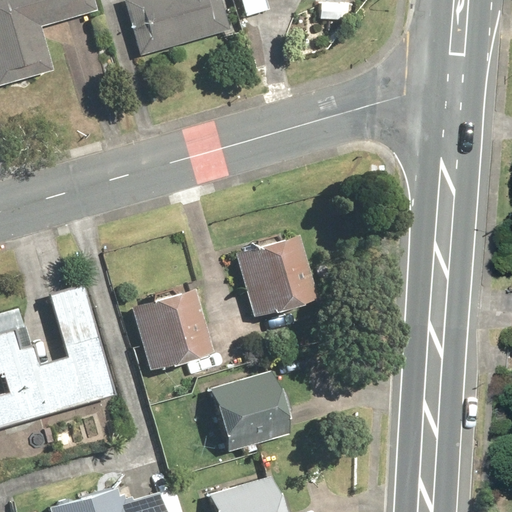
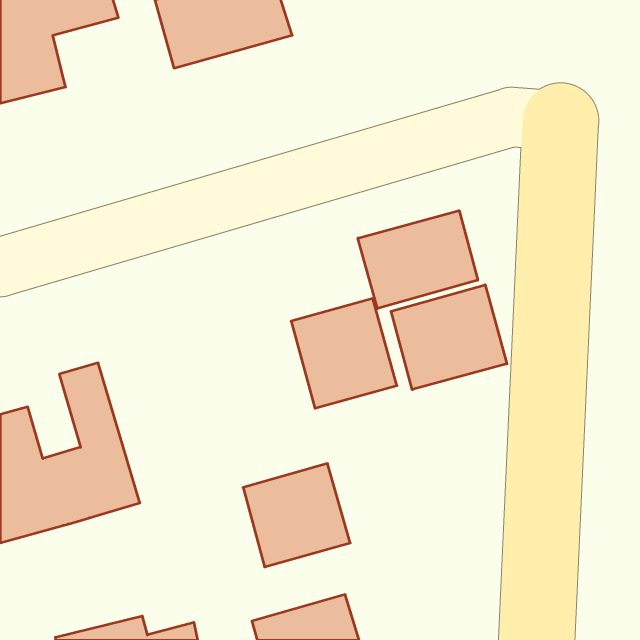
building: none -> [358,211,478,309]
building: none -> [391,285,507,390]
building: [133,296,218,377] -> none

